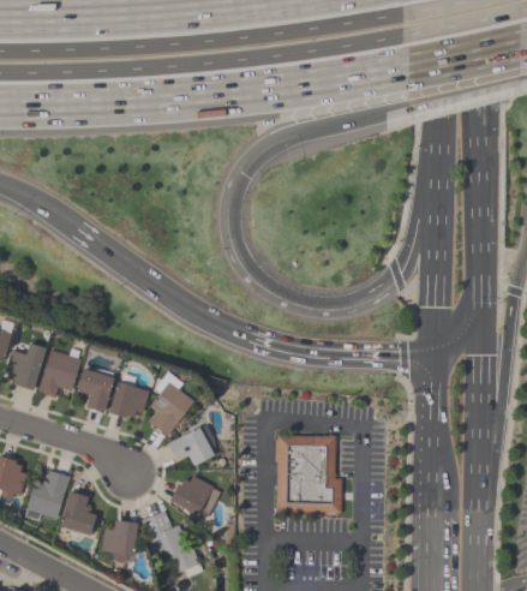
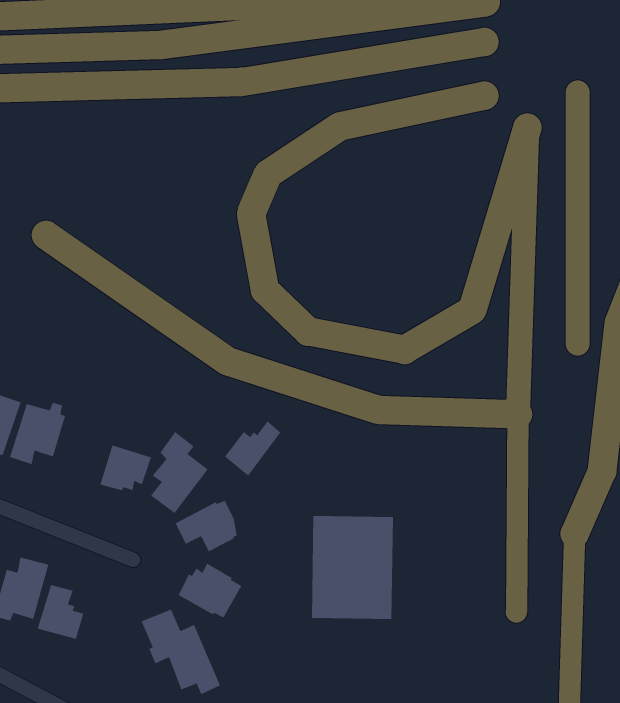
building: none -> [224,421,281,476]
building: [77,368,115,412] -> none
building: [102,520,138,562] -> none

